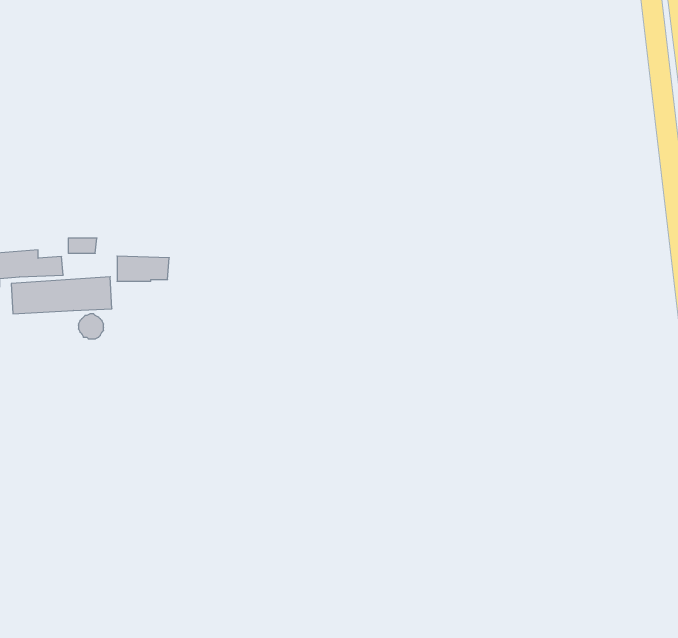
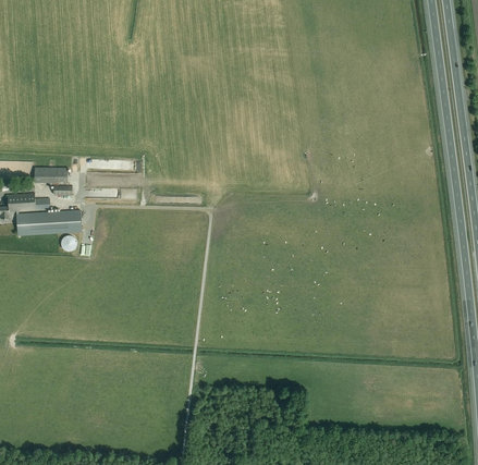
building: [117,256,169,281] -> [34,166,68,182]

